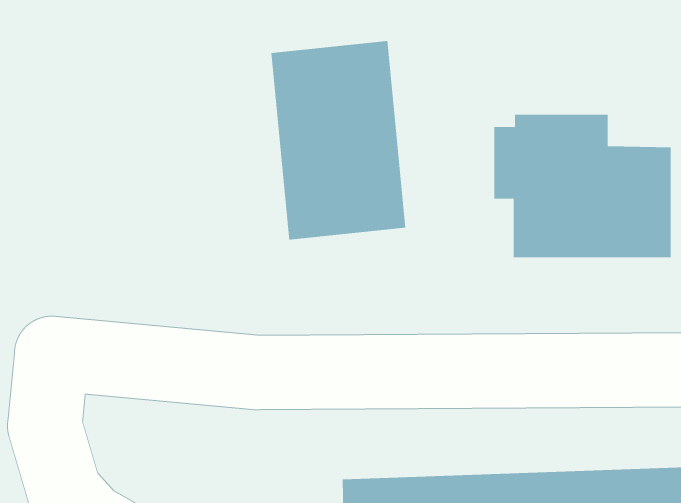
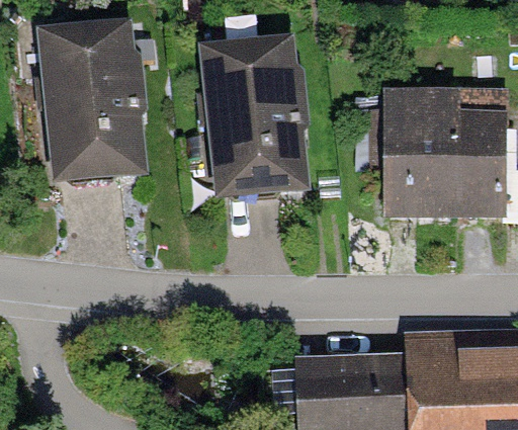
building: none -> [42,28,151,167]

